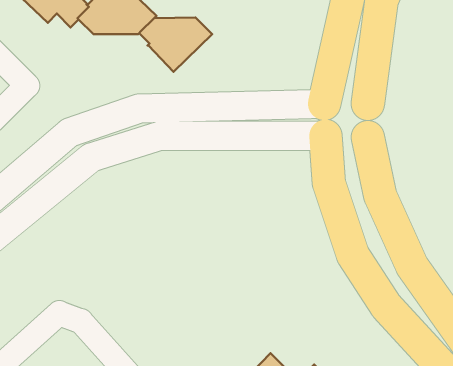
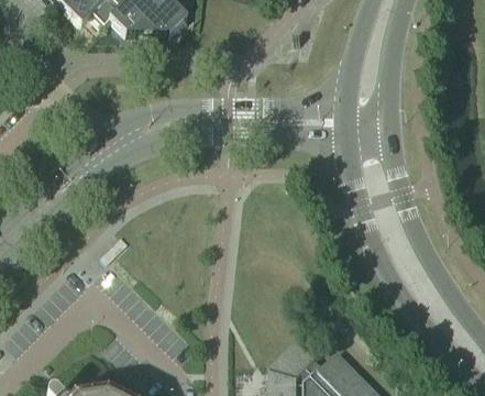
building: [139,18,212,72] -> none

